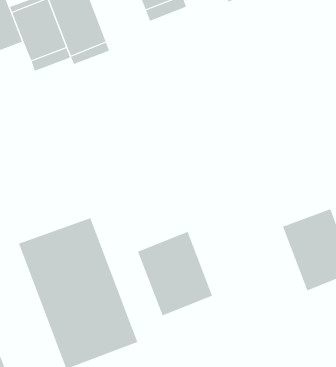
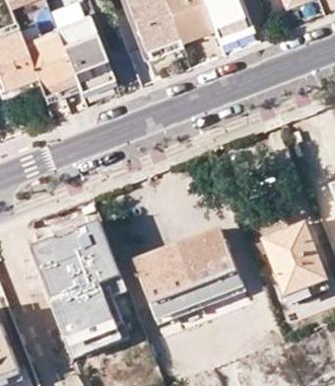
building: none -> [184,230,246,303]

